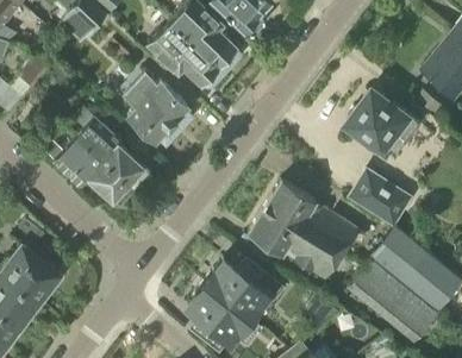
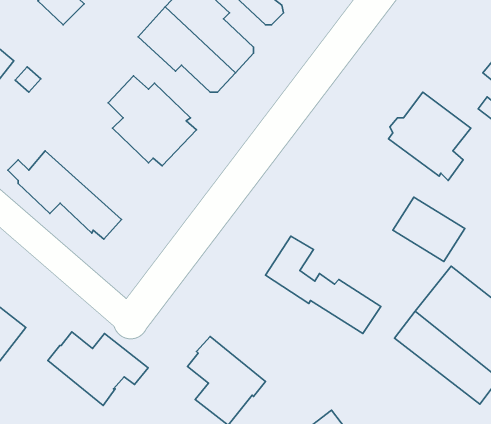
building: [74,107,149,189] -> none
building: [269,180,358,258] -> none
building: [205,259,285,318] -> [48,332,148,405]

